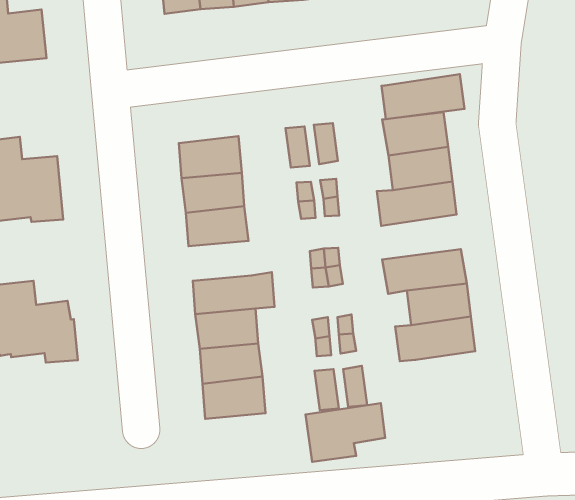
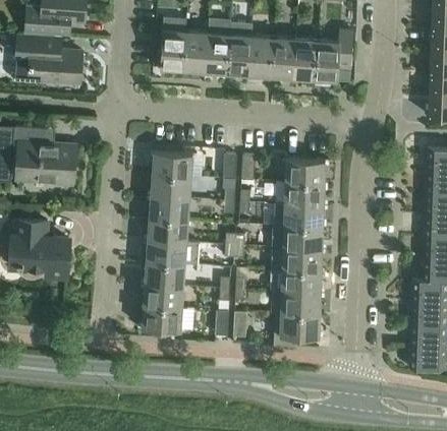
building: [382,74,464,119] -> [271,225,323,248]
building: none -> [149,217,188,242]
building: [306,403,385,462] -> [270,313,320,345]

